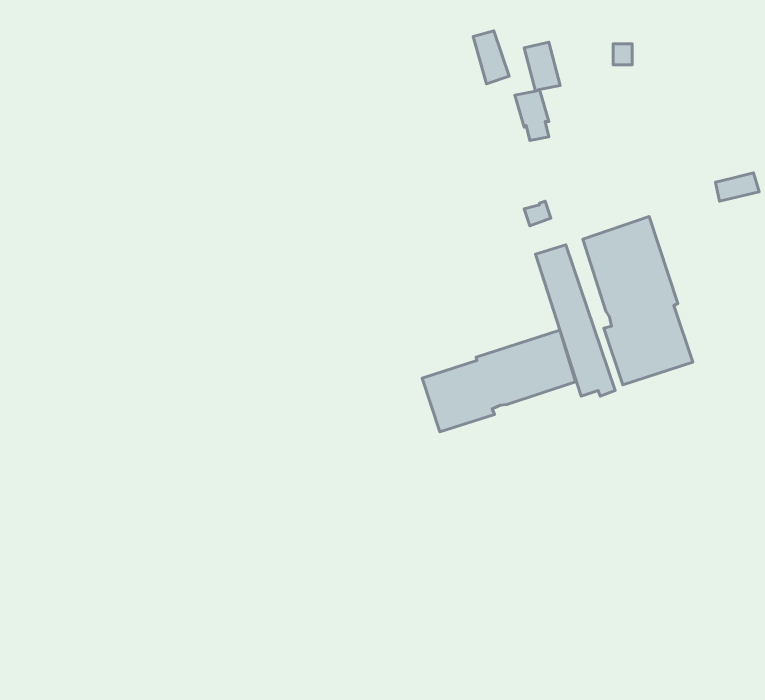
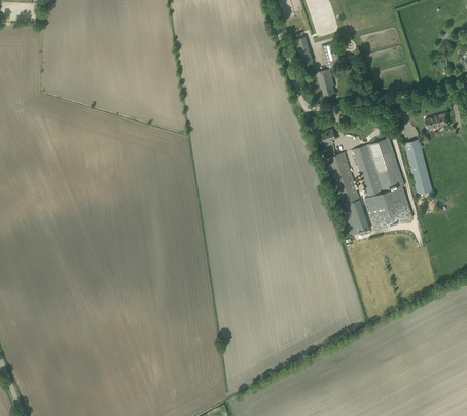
building: none -> [404,139,432,194]
building: [422,330,576,432] -> none

